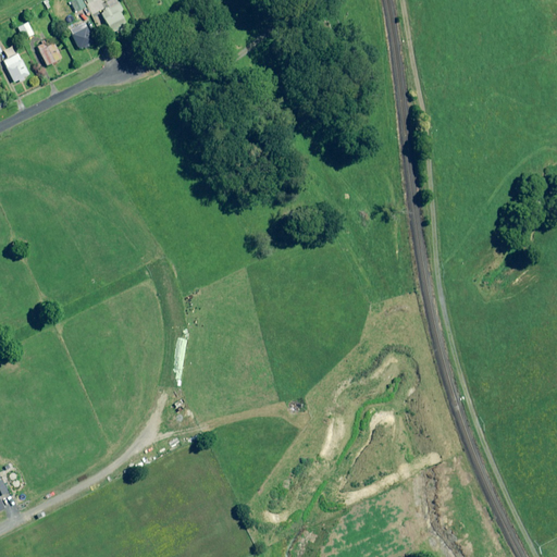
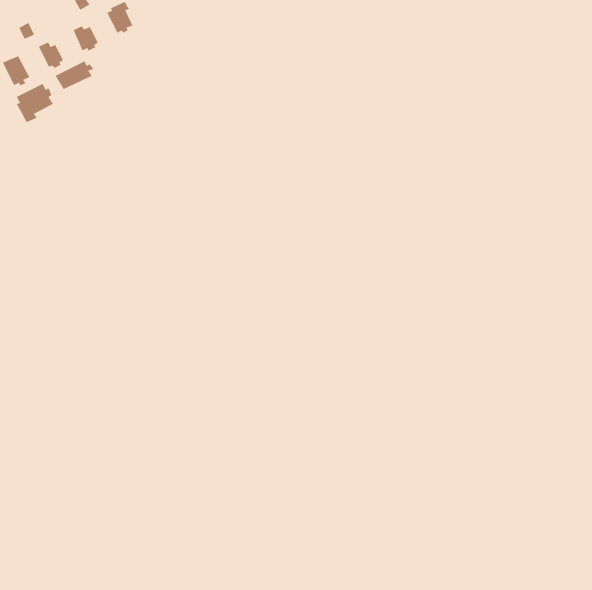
building: none -> [55,61,94,90]
building: none -> [16,83,53,123]

